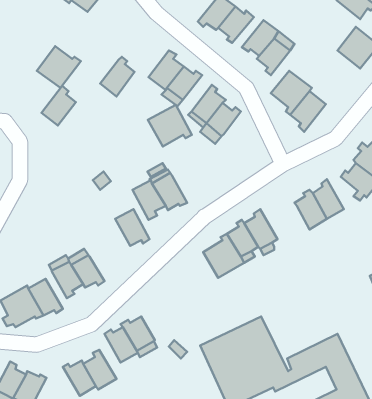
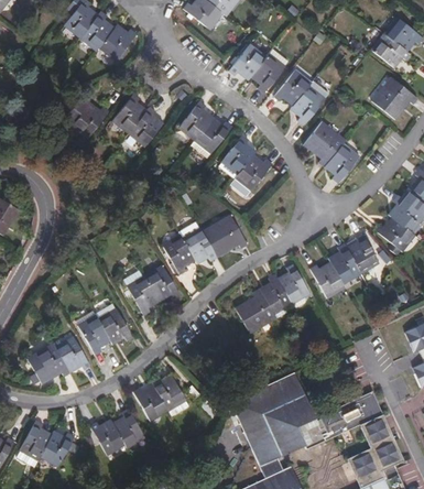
building: [42,86,76,126] -> [112,94,148,134]
building: [148,105,192,147] -> [203,214,248,257]
building: none -> [309,260,346,297]
building: none -> [127,273,160,315]

